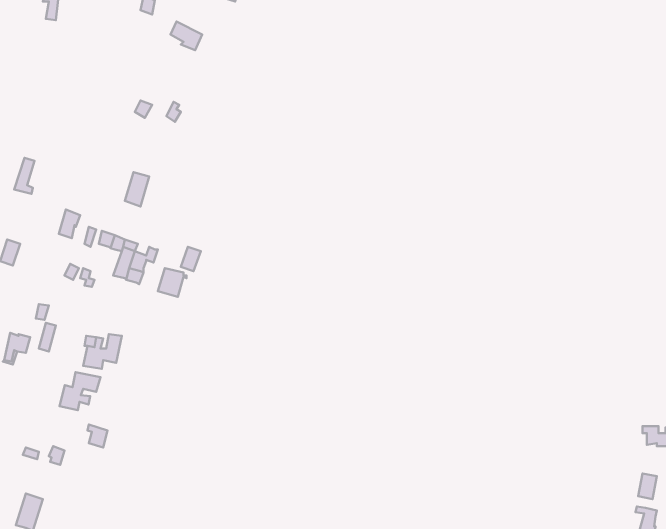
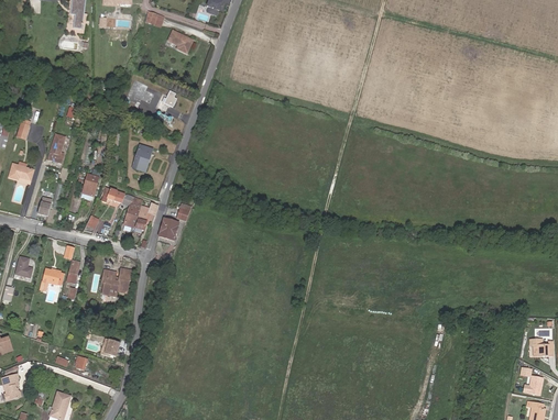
building: [59,372,100,410] -> none

